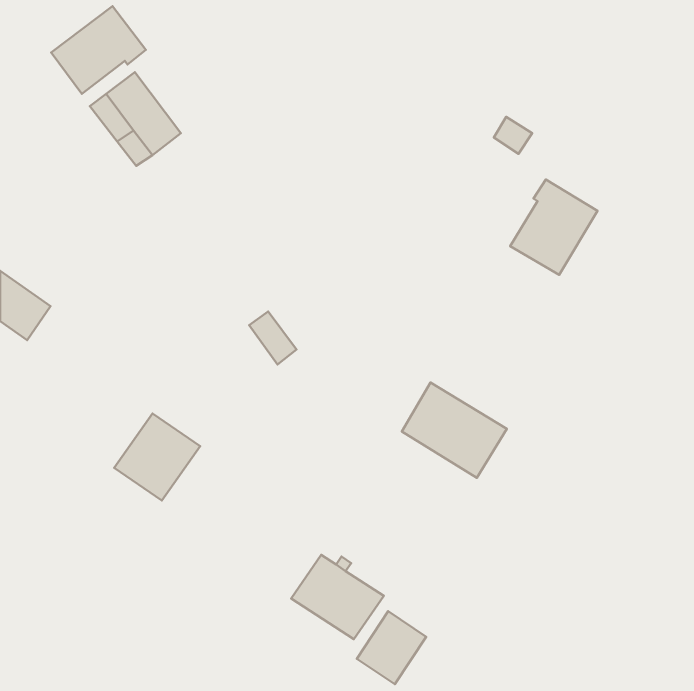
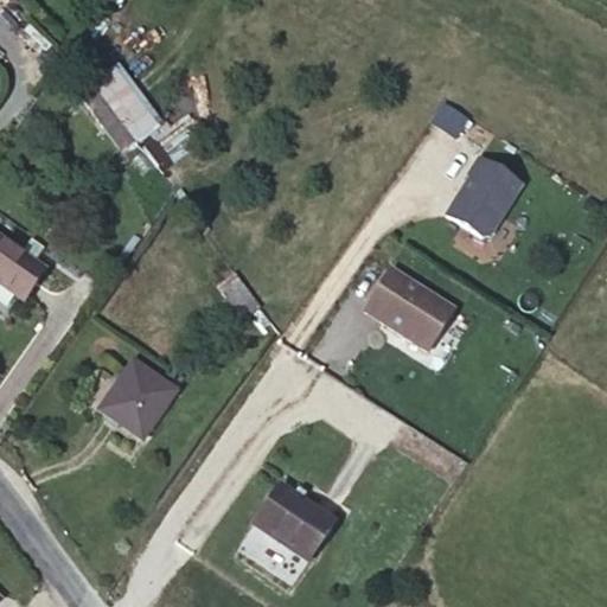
building: [51,6,146,94] -> none
building: [402,383,507,478] -> [363,268,454,351]
building: [357,611,426,684] -> none

